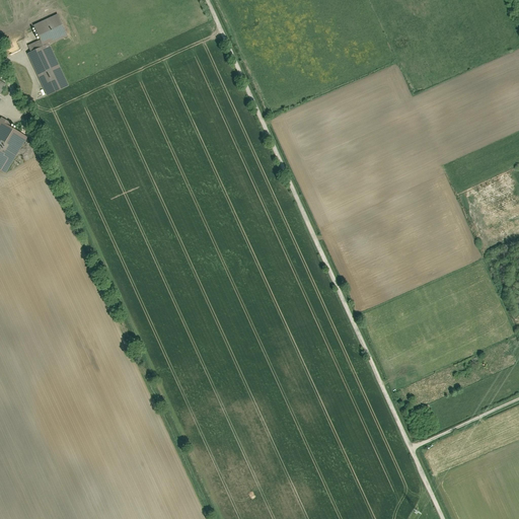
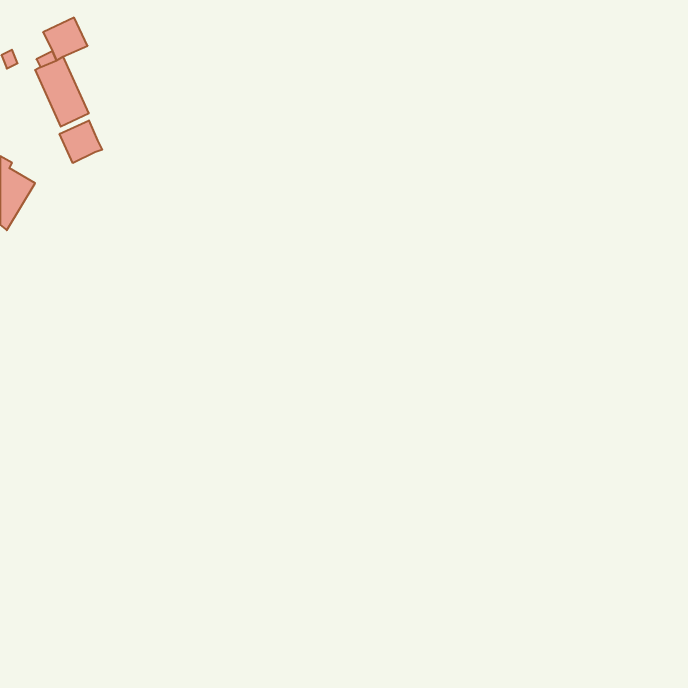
building: none -> [60,120,102,163]

